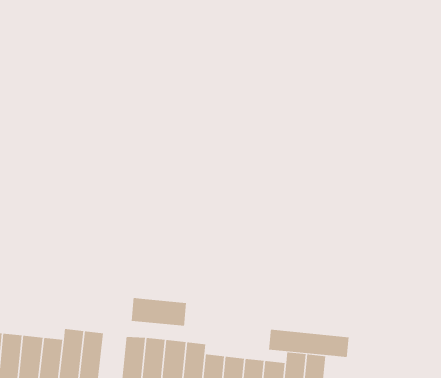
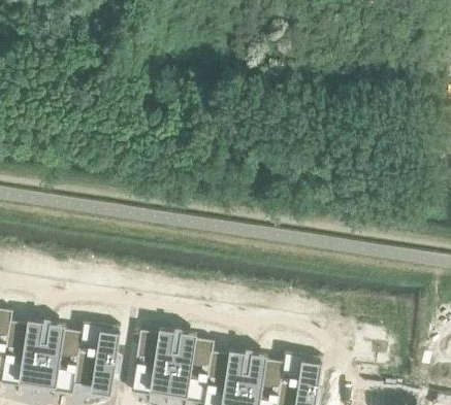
building: [131,297,187,327] -> none
building: [268,329,349,358] -> none

